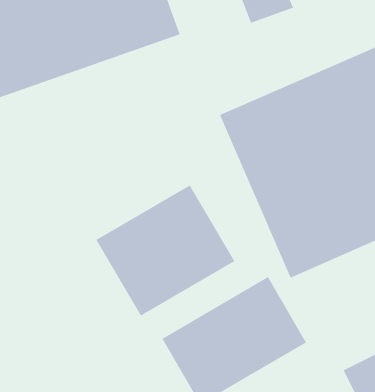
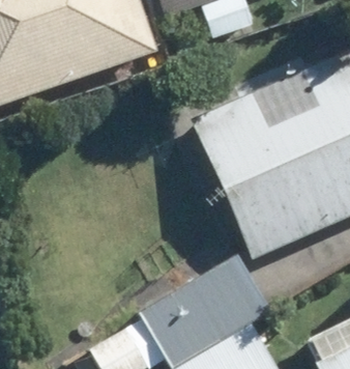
building: [96,184,235,317] -> none

